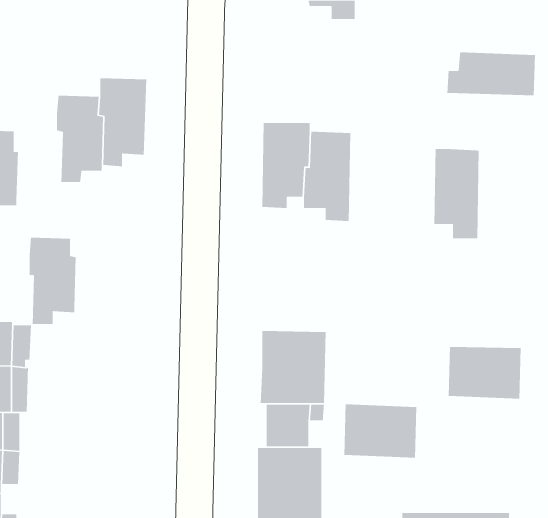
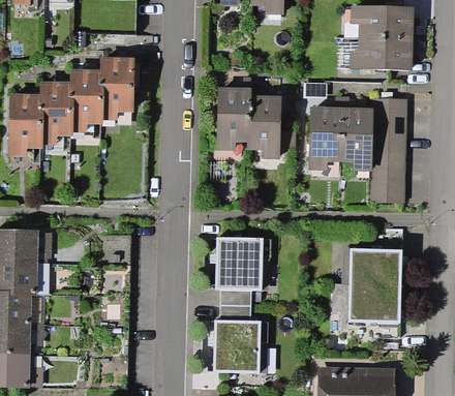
building: none -> [351,5,414,39]
building: none -> [368,99,405,203]
building: none -> [307,106,340,170]
building: [29,237,76,325] -> [39,81,73,144]
building: [344,403,417,458] -> [348,284,401,324]

